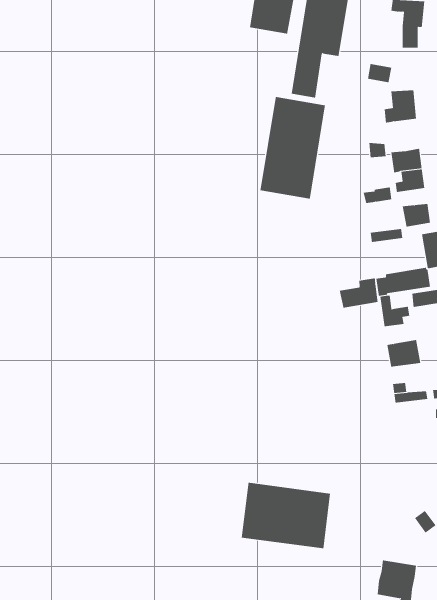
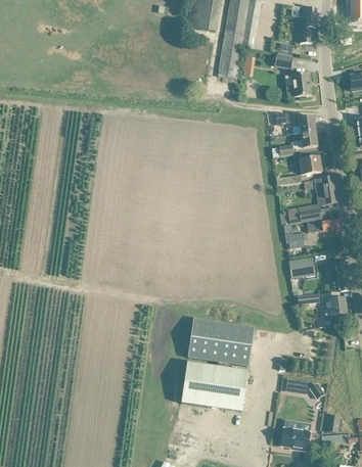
building: [260,96,326,200] -> none
building: [339,277,378,308] -> none
building: none -> [187,318,254,366]

